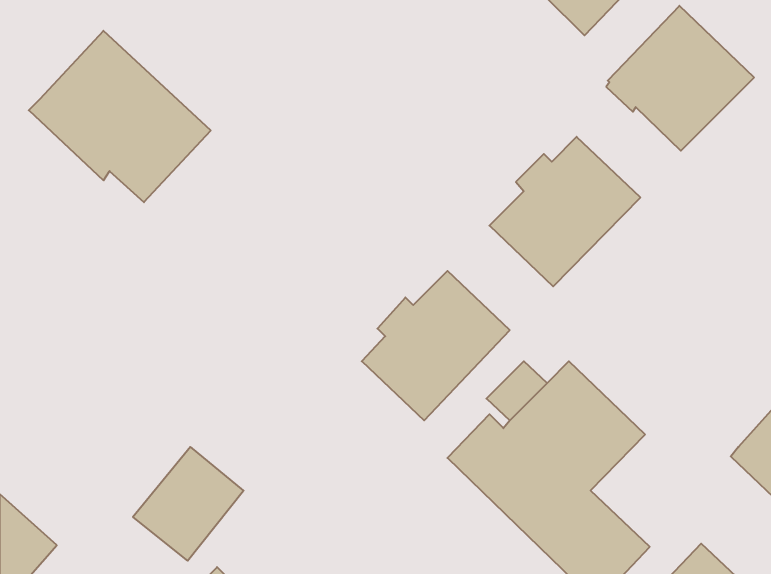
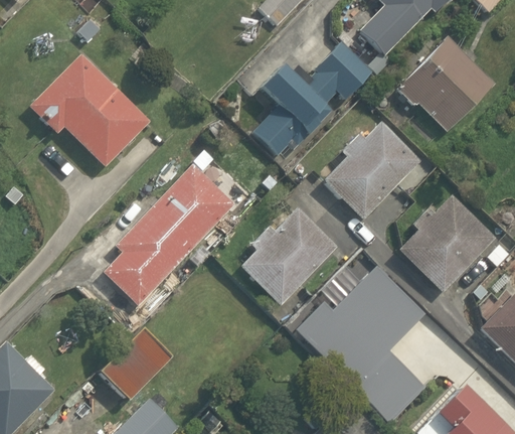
building: none -> [255,40,375,156]
building: none -> [96,166,228,305]
building: none -> [400,194,497,292]

